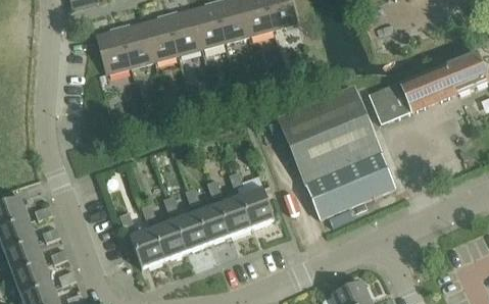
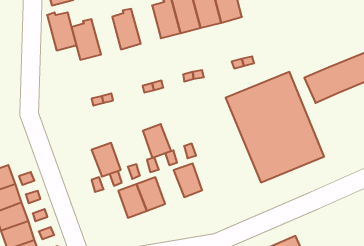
building: [167,8,202,53] -> none
building: [120,21,155,66] -> [47,12,76,50]
building: [240,187,274,226] -> none
building: [196,203,230,243] -> [143,124,171,158]
building: [129,227,163,267] -> [91,143,121,177]

